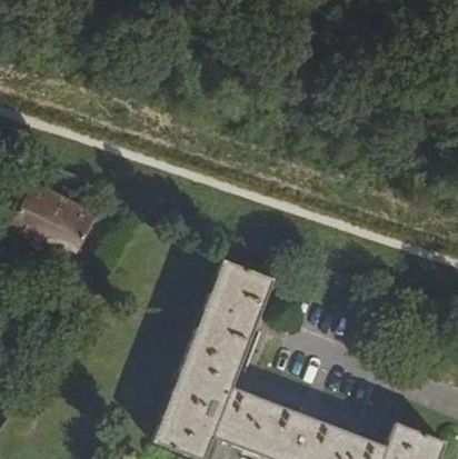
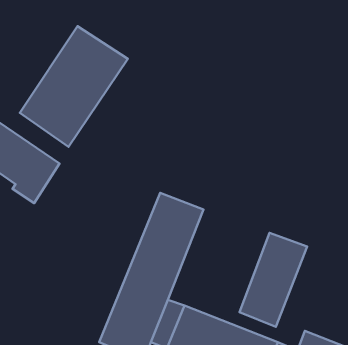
building: none -> [20,26,128,147]
building: none -> [239,233,307,327]

